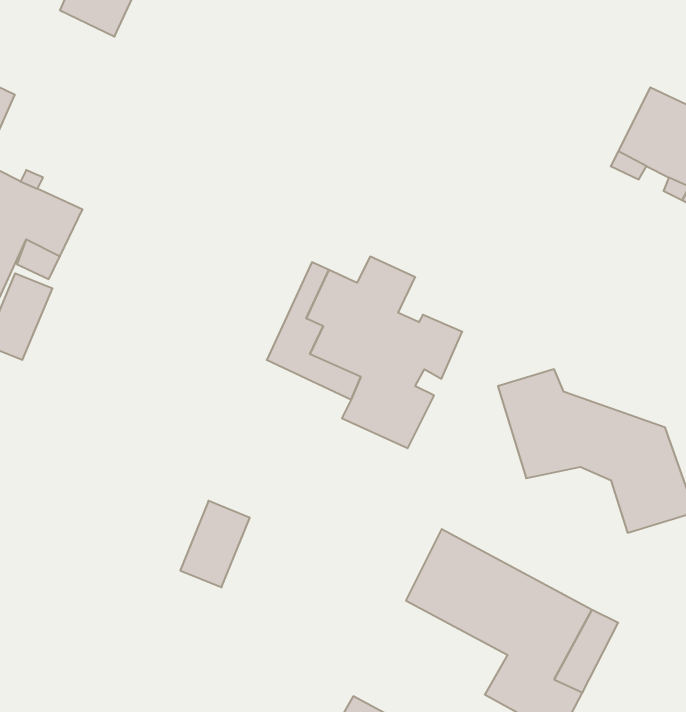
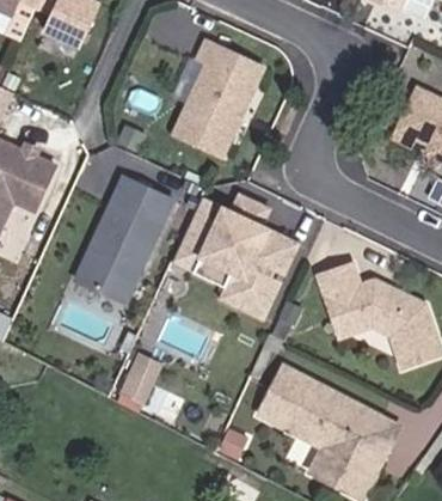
building: none -> [167,47,259,164]
building: none -> [76,178,172,303]

